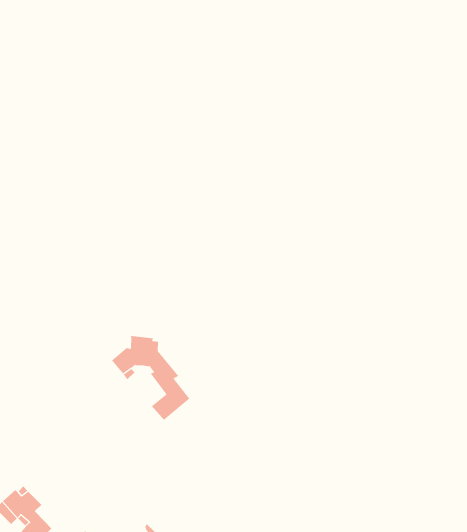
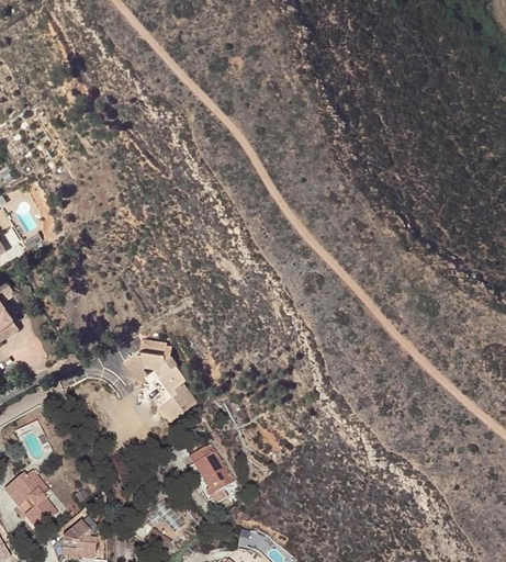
building: none -> [190,445,235,498]

